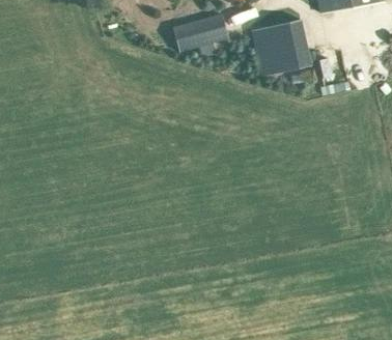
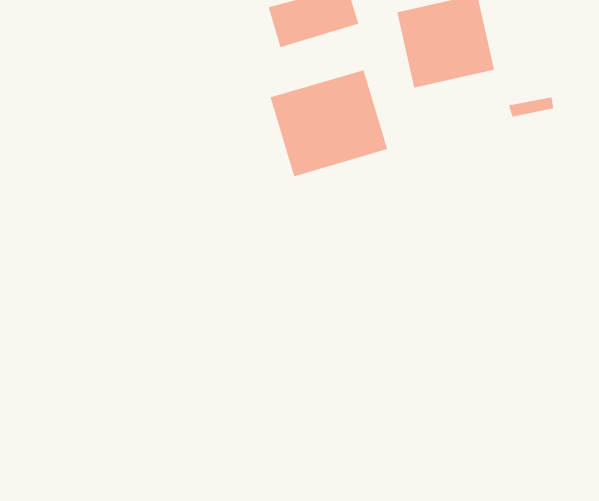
building: none -> [270,69,388,177]

